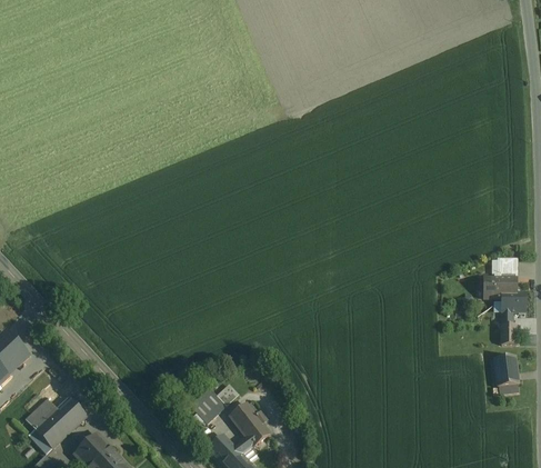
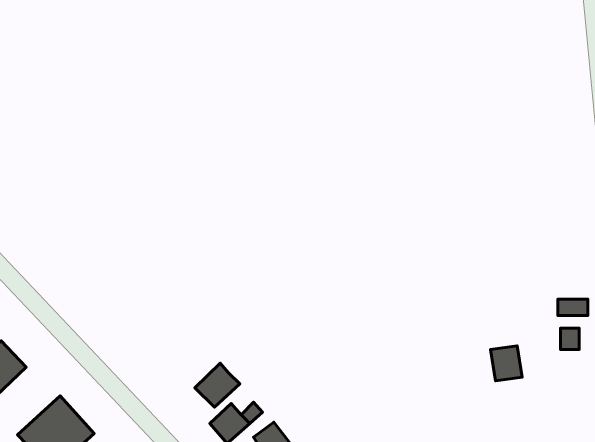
building: [479,273,515,296] -> none
building: none -> [195,363,240,407]
building: [492,356,520,387] -> [491,346,522,381]

